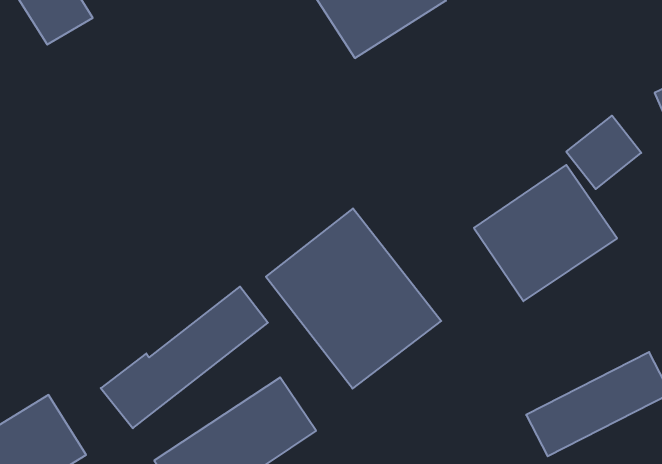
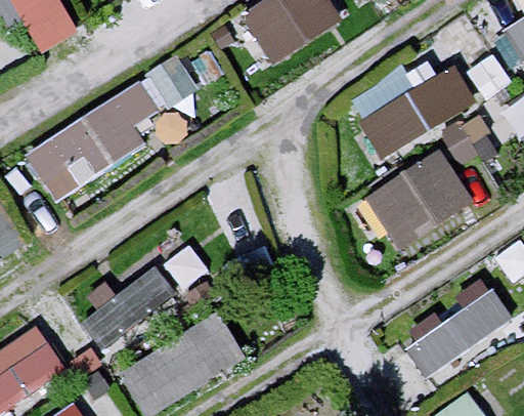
building: none -> [359,60,475,163]
building: none -> [24,65,193,199]
building: [266,208,441,389] -> none

